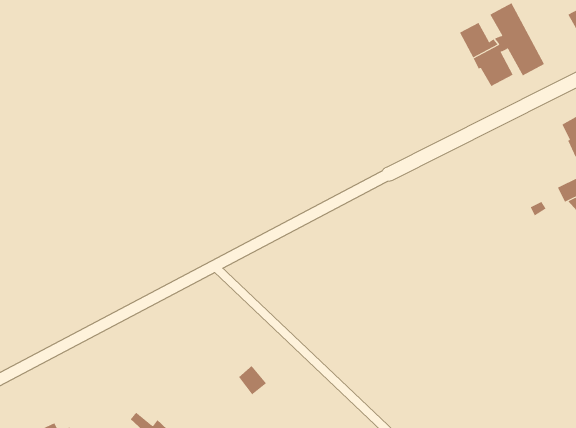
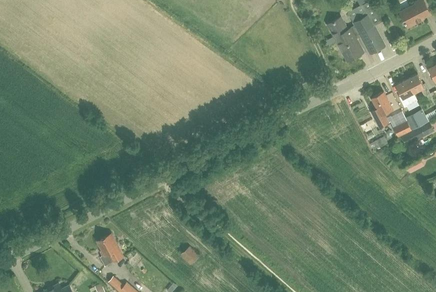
building: none -> [371,92,392,128]
building: none -> [96,234,122,266]

